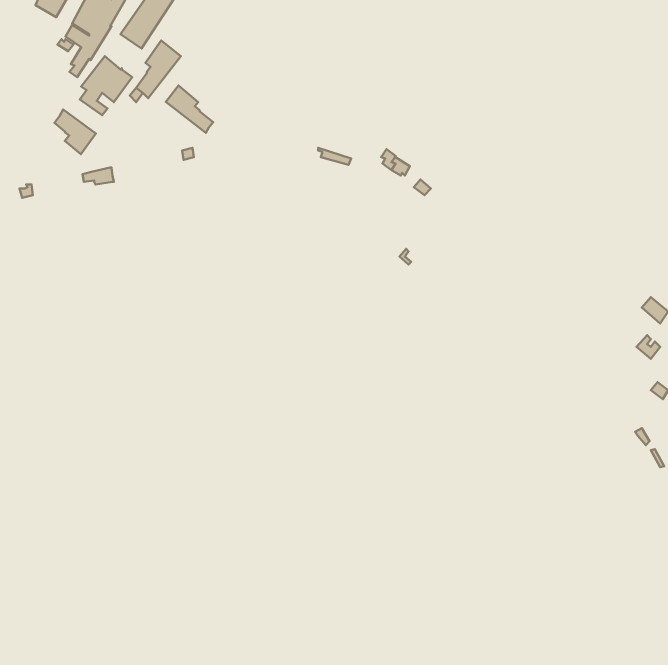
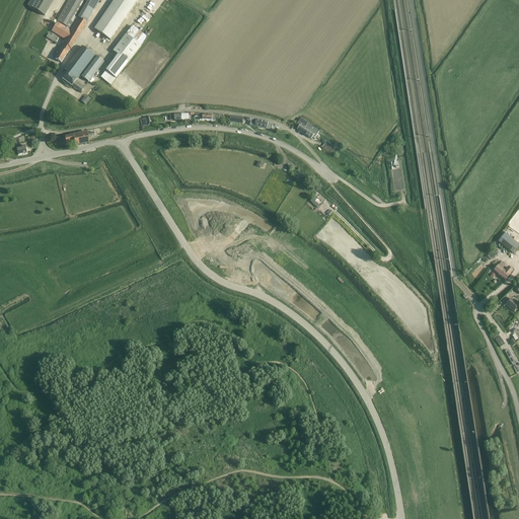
building: [166,85,213,133] -> none
building: [54,110,96,154] -> none

